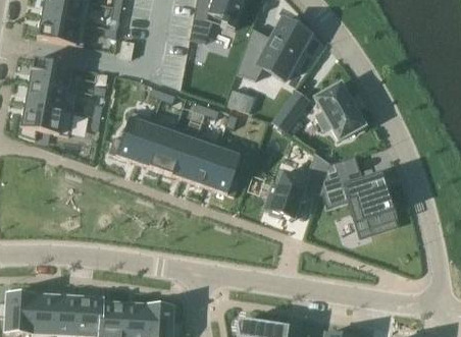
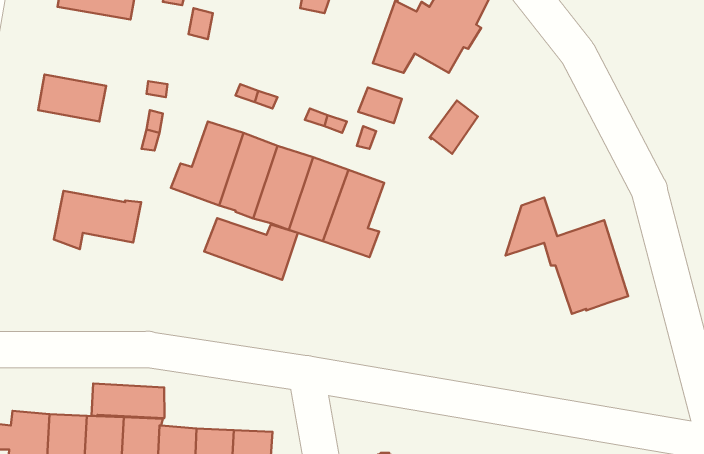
building: [29,58,71,88] -> none
building: [314,82,364,138] -> none
building: [18,103,73,139] -> [54,191,141,249]
building: [264,152,329,218] -> none
building: none -> [204,218,298,280]
building: none -> [91,384,164,418]

